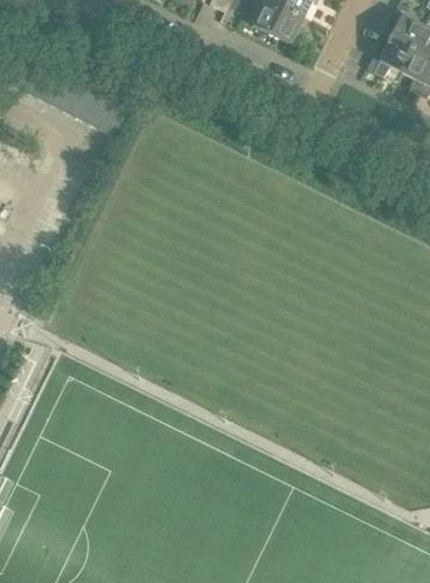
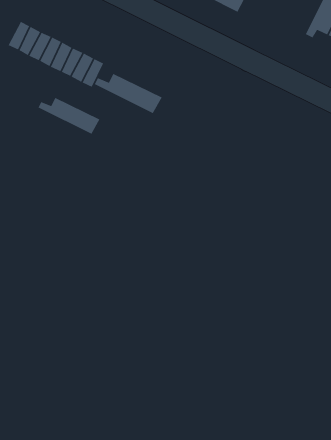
building: none -> [94,73,163,114]
building: none -> [38,97,101,135]

